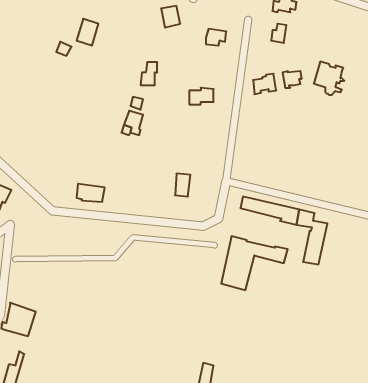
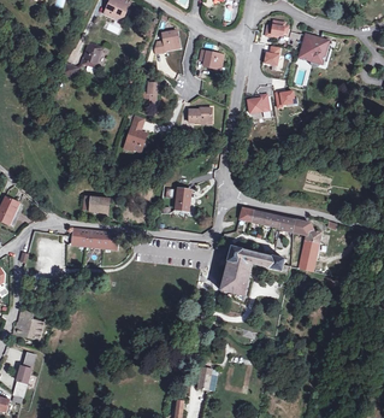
building: [314,62,344,95] -> [300,34,329,65]
building: none -> [70,228,117,249]

